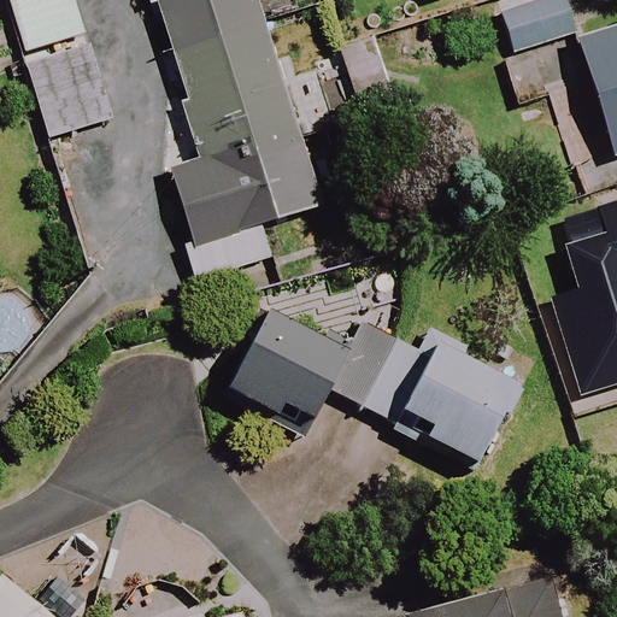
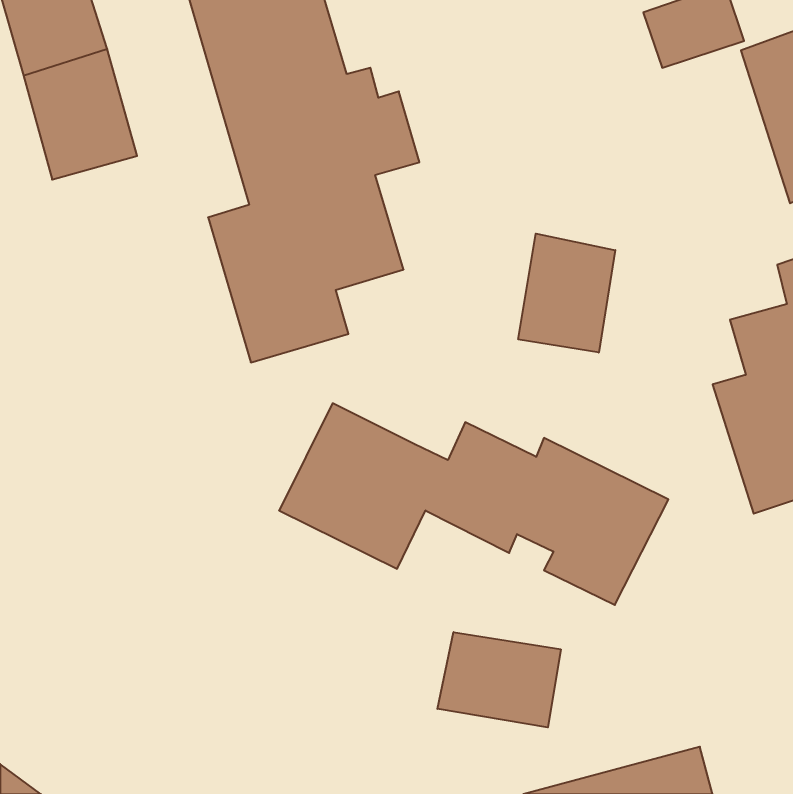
building: none -> [518,234,615,353]
building: none -> [437,632,561,727]

